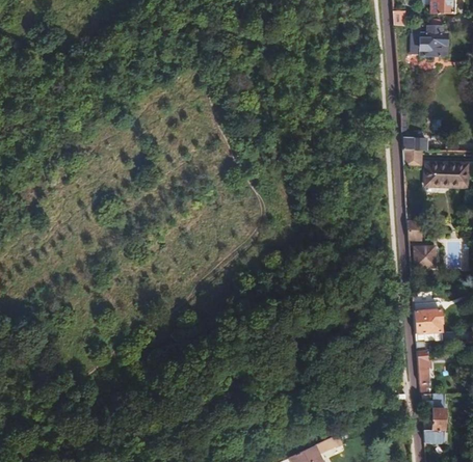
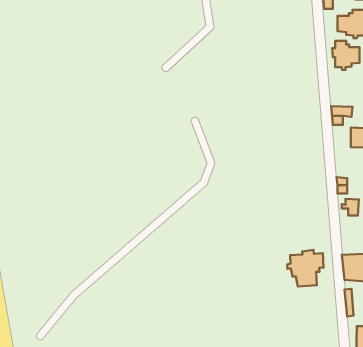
building: none -> [332,41,359,70]
building: none -> [287,250,324,286]

